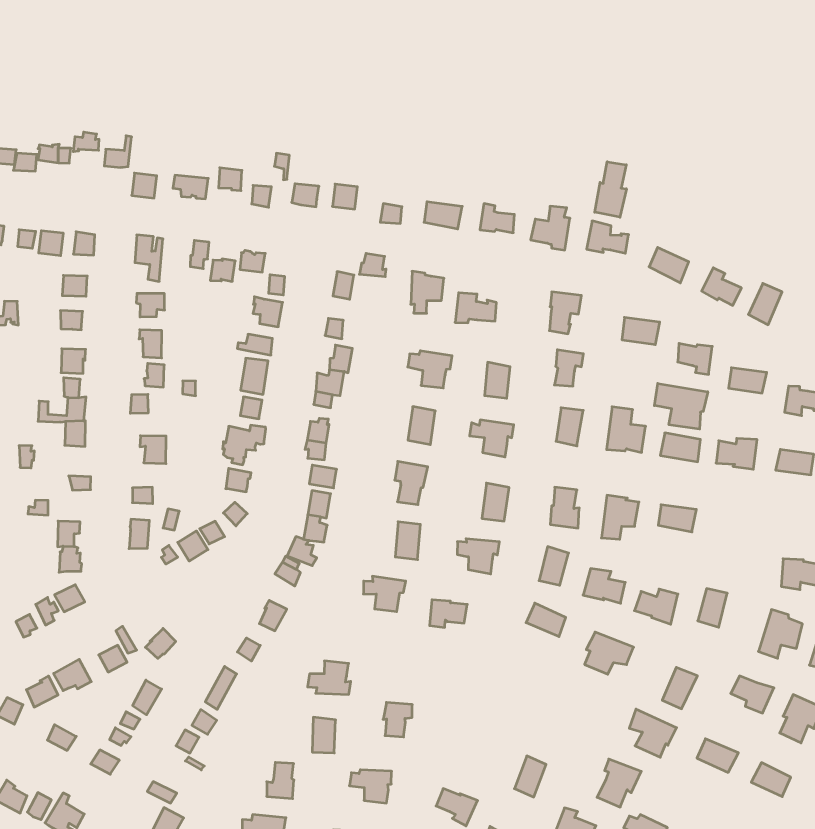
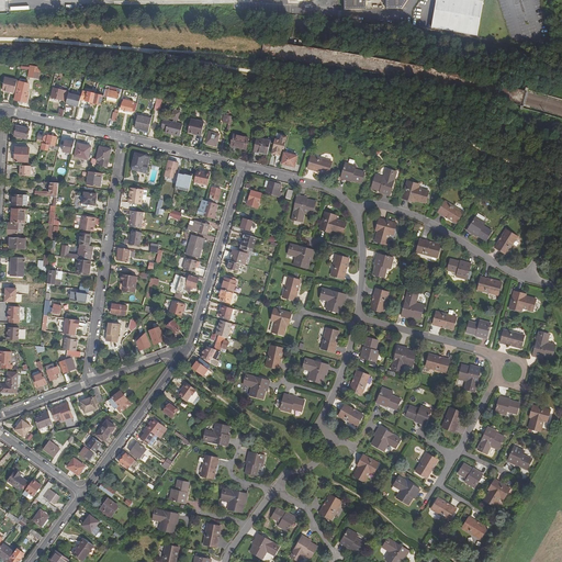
building: [595,162,626,217] -> none
building: [654,383,708,429] -> none
building: none -> [457,362,482,392]
building: [597,759,641,807] -> [351,452,380,482]

